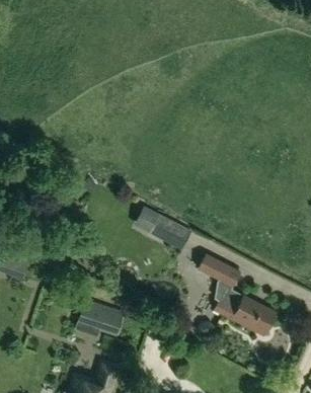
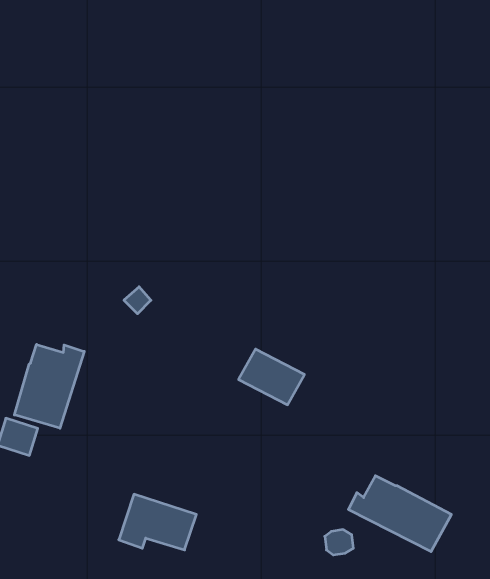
building: none -> [14,344,84,428]
building: [198,254,239,287] -> none

